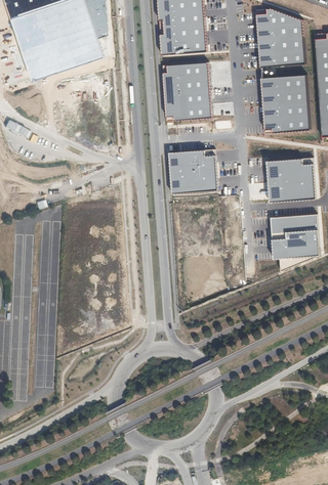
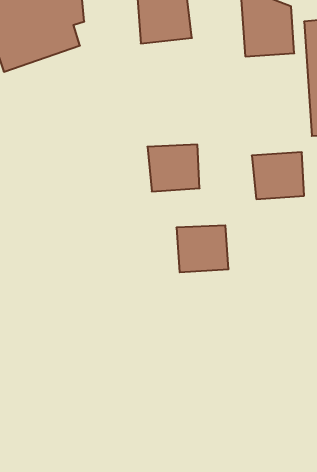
building: [161,61,211,121] -> none
building: [258,73,310,132] -> none
building: [269,214,318,258] -> [176,225,229,272]

